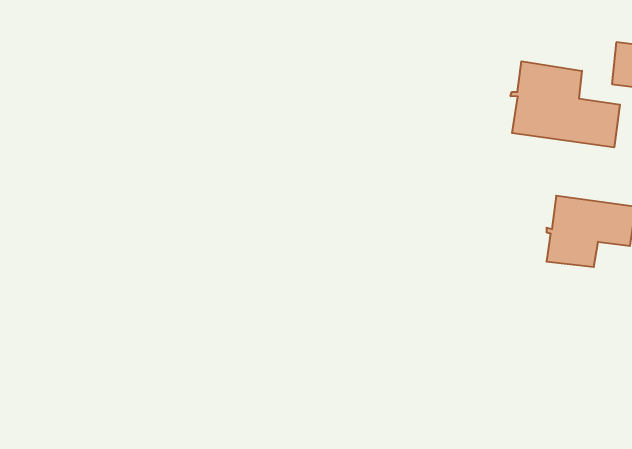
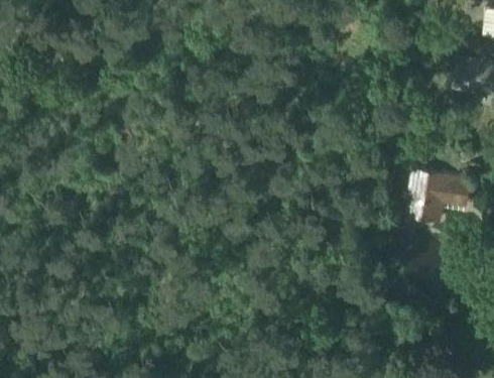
building: [511,61,620,147] -> none

